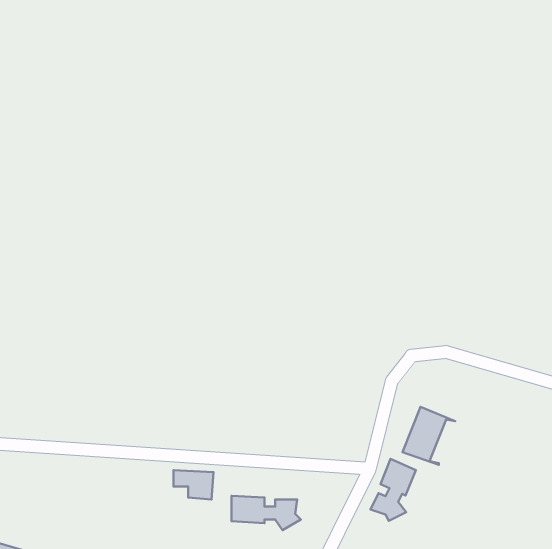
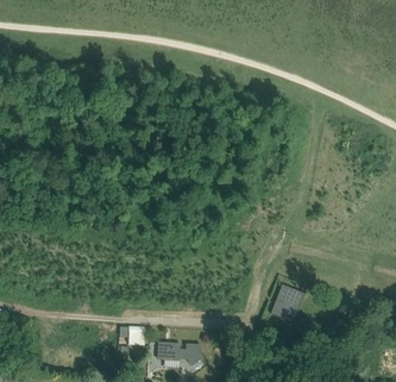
building: [370,459,416,521] -> none

